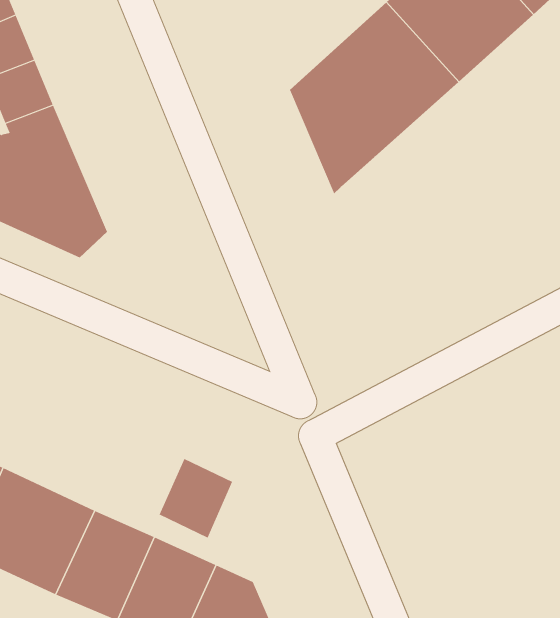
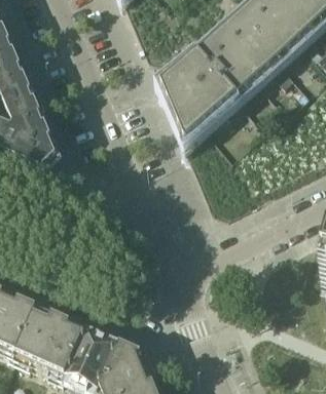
building: [159,458,233,539] -> none

